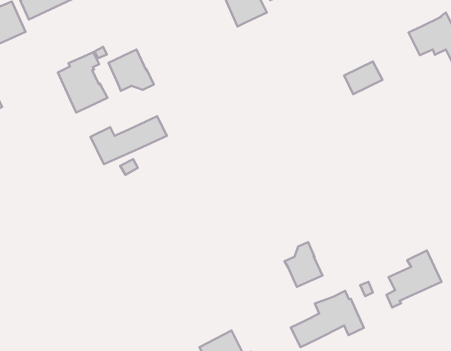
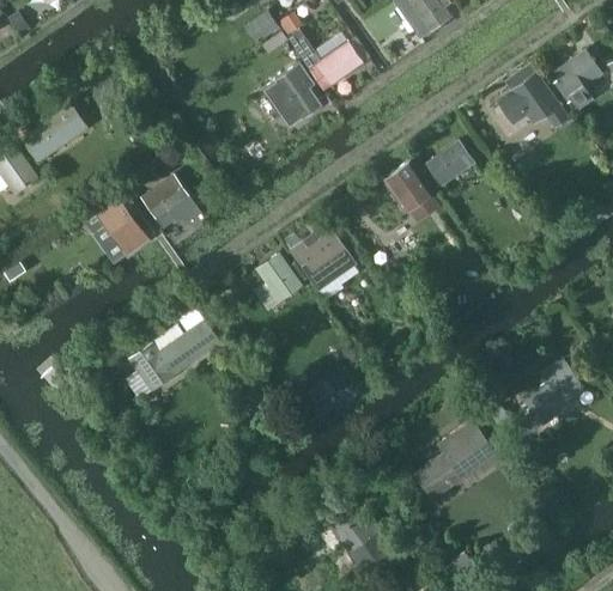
building: none -> [382,158,435,214]
building: none -> [289,225,354,291]
building: [90,116,167,164] -> [128,322,219,390]
building: none -> [255,255,299,301]
building: [284,242,322,287] -> none

